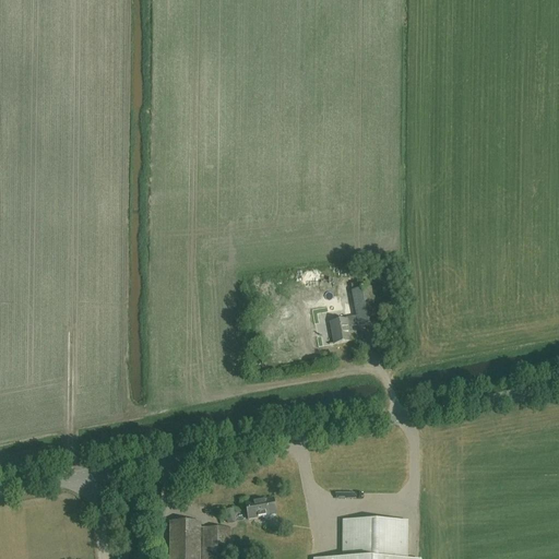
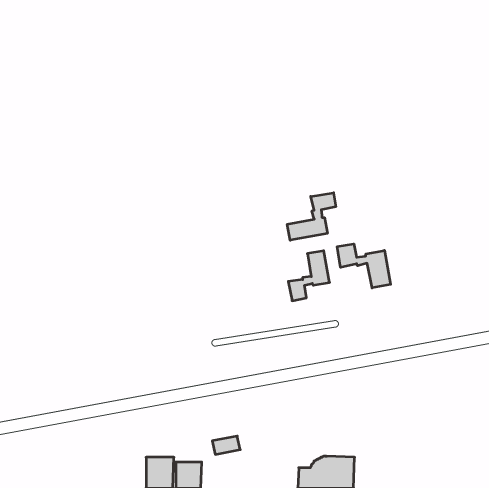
building: none -> [287,193,336,240]
building: none -> [337,244,391,288]

